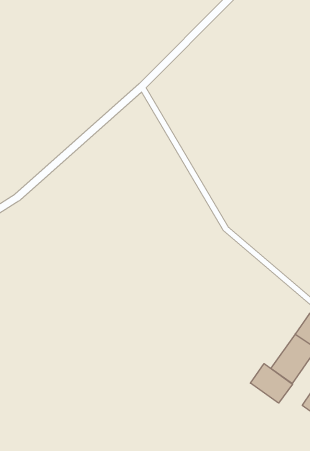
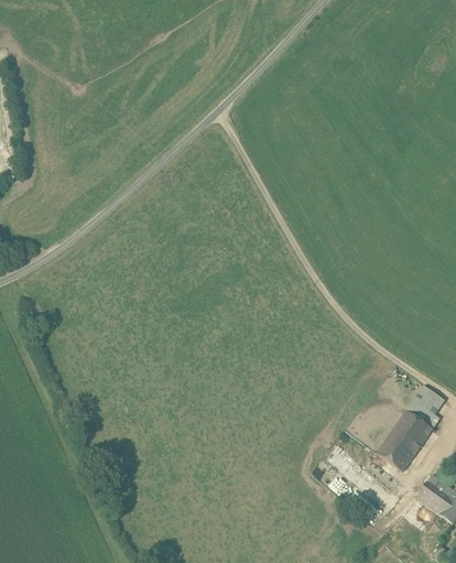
building: [250,364,293,403] -> none

